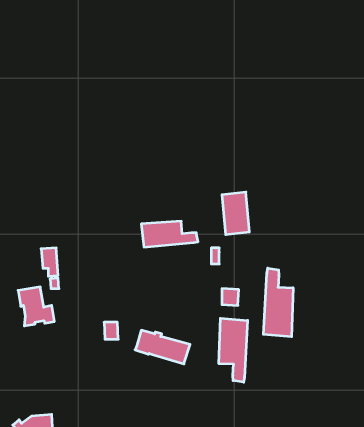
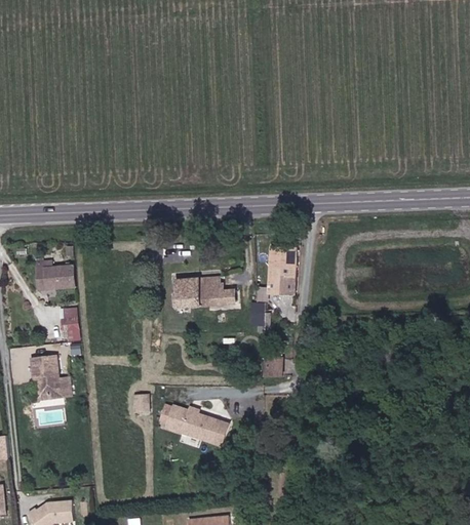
building: none -> [32,260,74,292]
building: [263,268,293,337] -> none
building: [219,318,248,382] -> none

